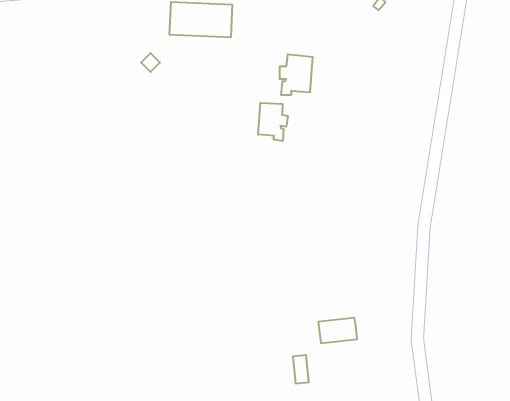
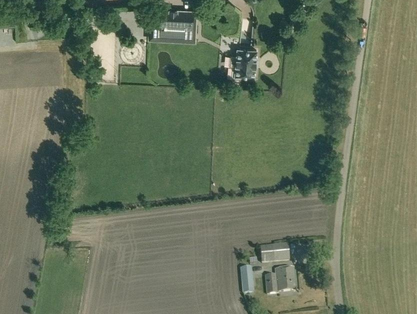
building: [258,103,288,141] -> none
building: none -> [265,269,295,295]

